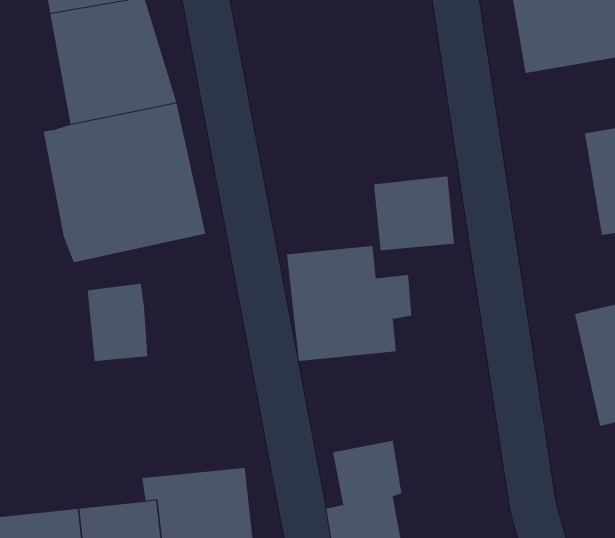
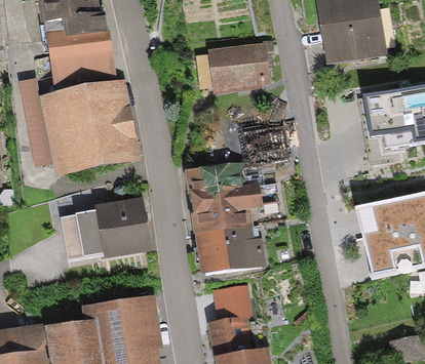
building: none -> [207,42,263,86]
building: none -> [15,79,48,164]
building: none -> [98,199,153,247]
building: none -> [190,230,263,273]

